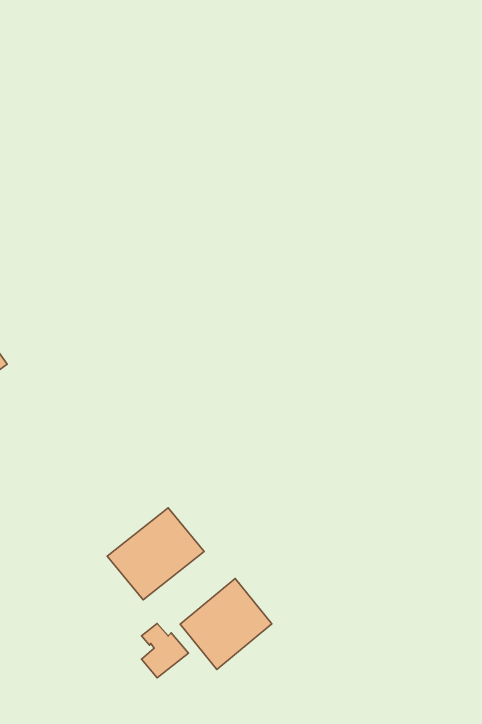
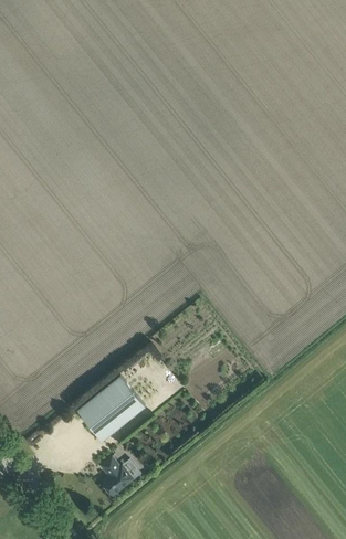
building: [180,578,272,670] -> none

